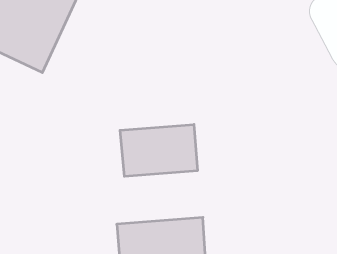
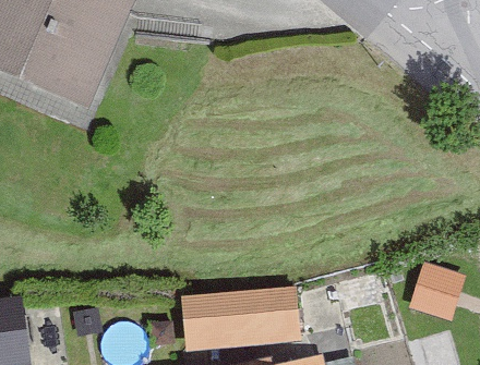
building: [120,124,197,176] -> none

